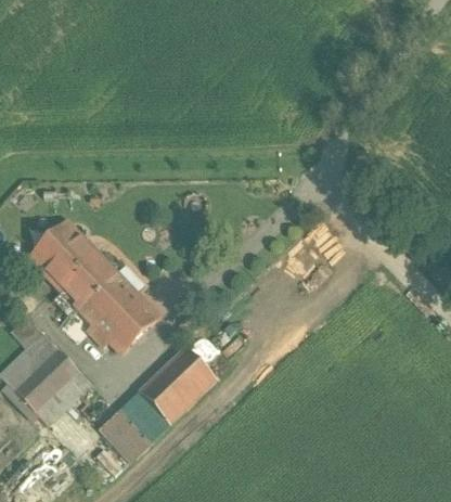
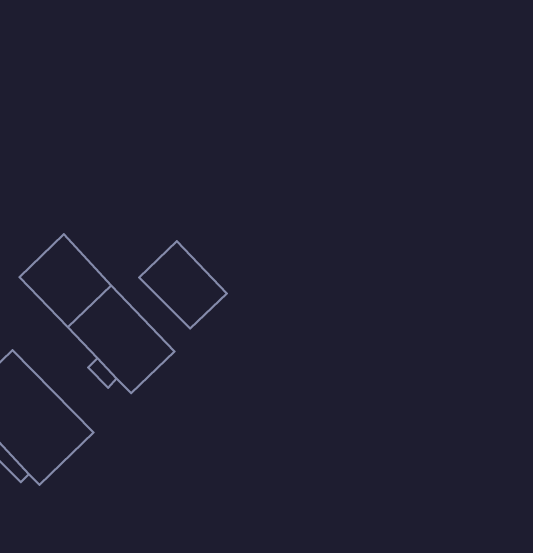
building: none -> [139,241,227,329]
building: [100,347,217,461] -> none

